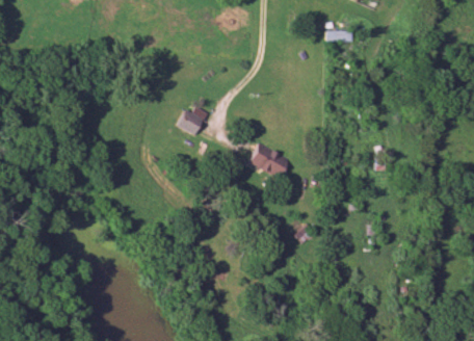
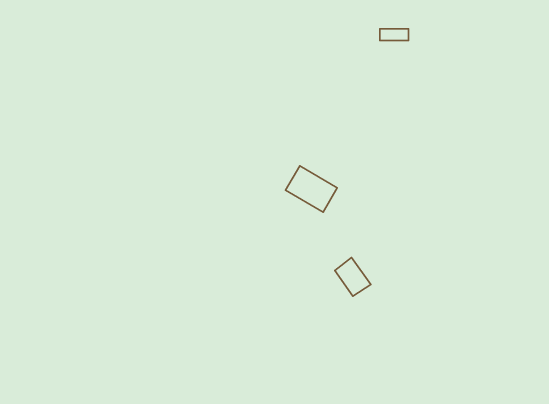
building: [178,108,204,134] -> none

